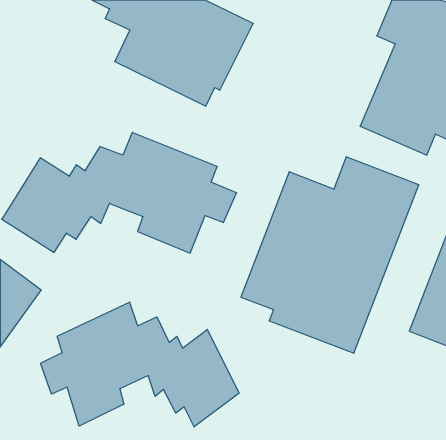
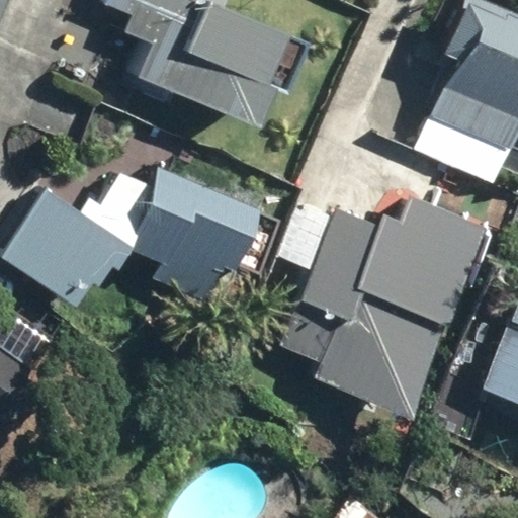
building: [41,302,239,427] -> none

